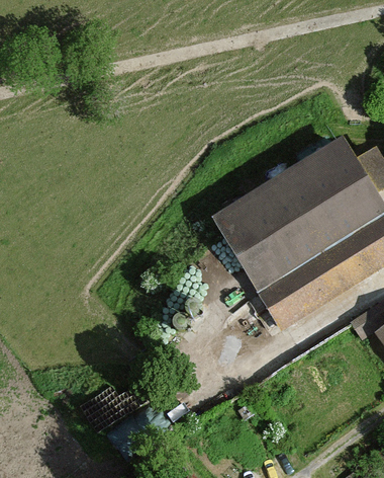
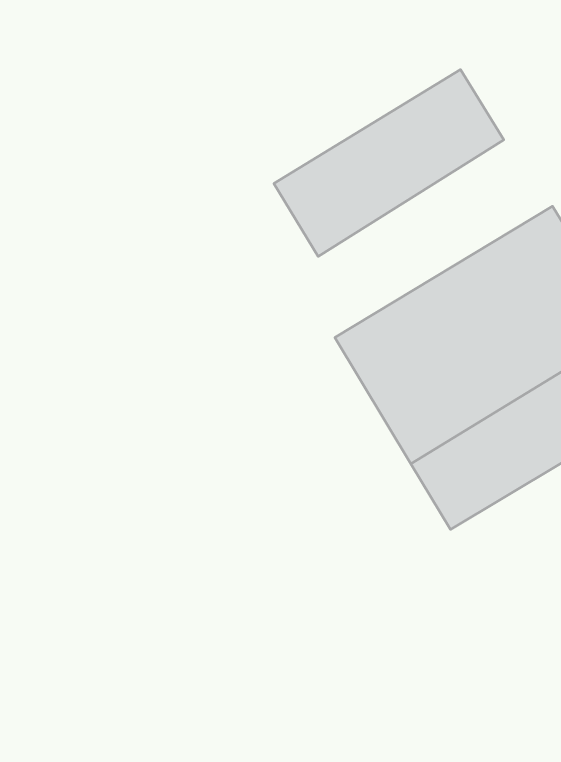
building: none -> [274,69,504,256]

